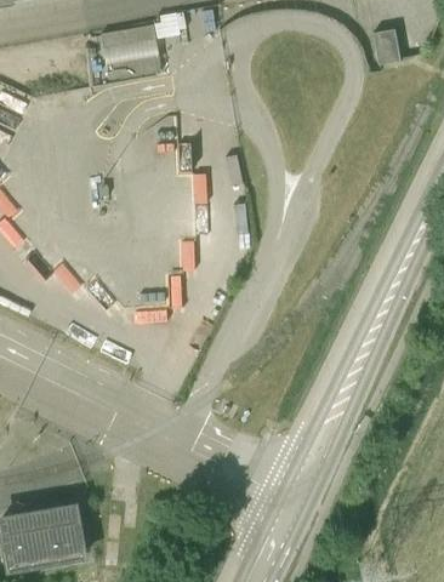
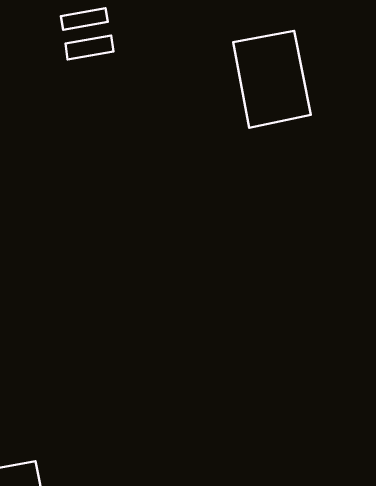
building: [374,25,402,62] -> none
building: none -> [233,31,311,128]

